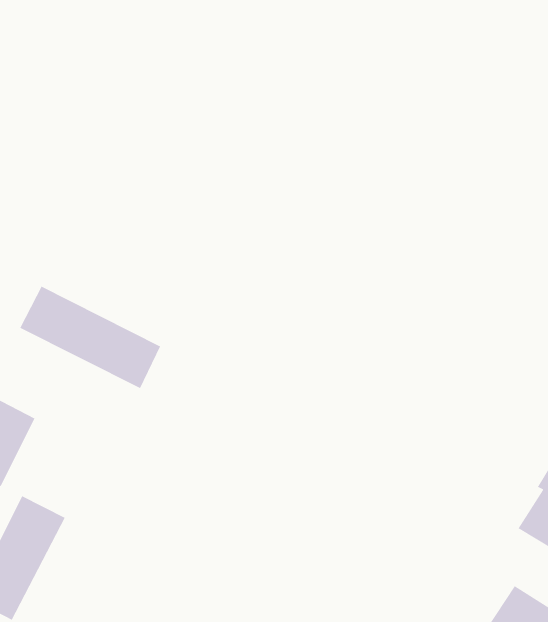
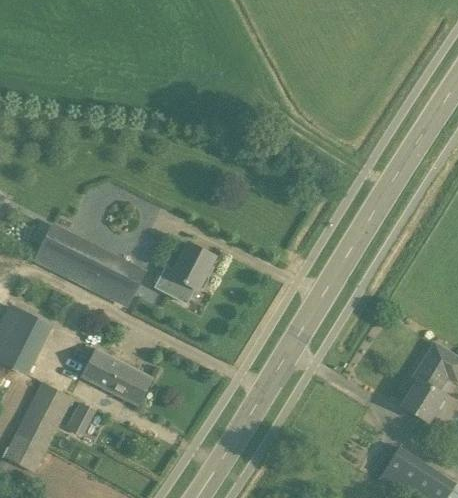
building: none -> [153,245,213,303]
building: none -> [81,350,151,405]
building: none -> [64,400,95,436]

